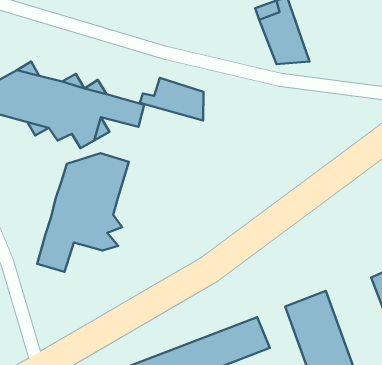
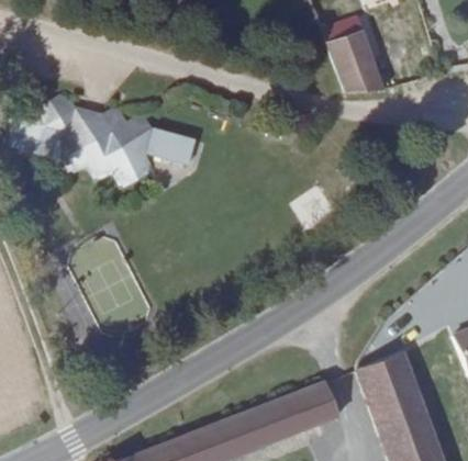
building: [140,78,203,121] -> none
building: [37,153,129,272] -> none

